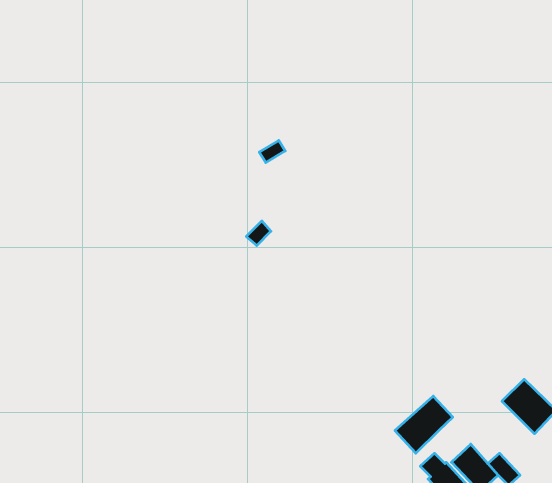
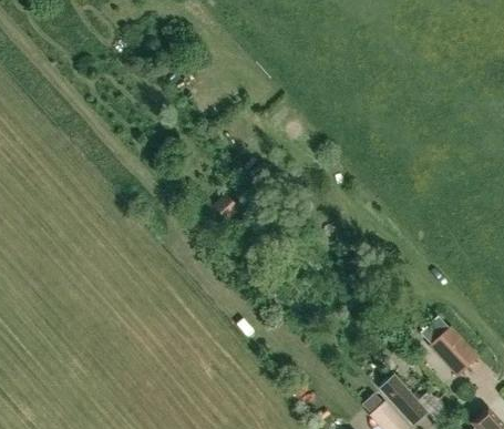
building: [395,396,453,453] -> none

